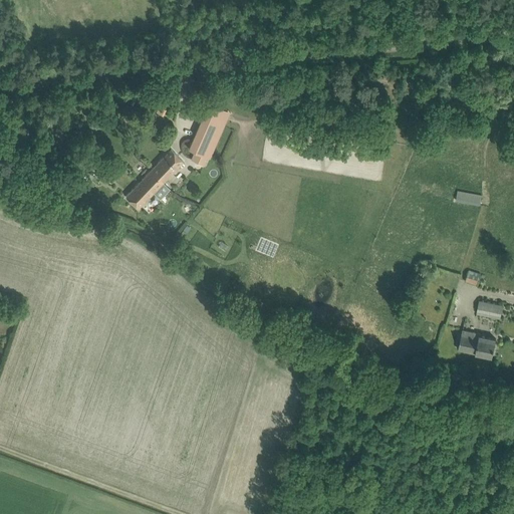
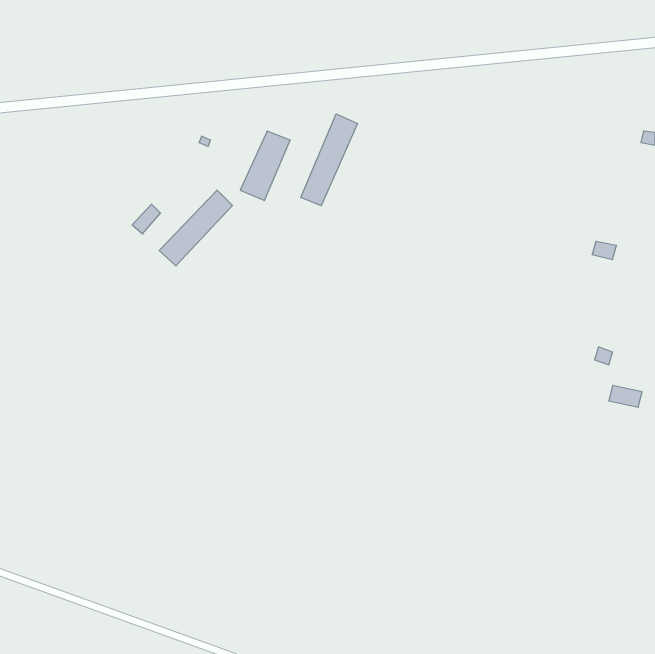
building: none -> [301,114,357,206]
building: [458,331,495,358] -> none

